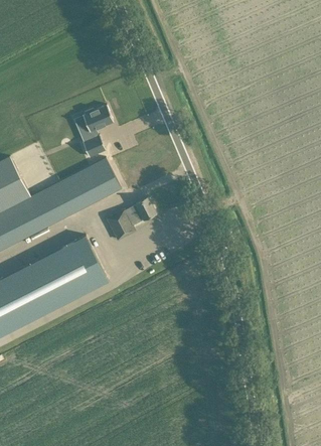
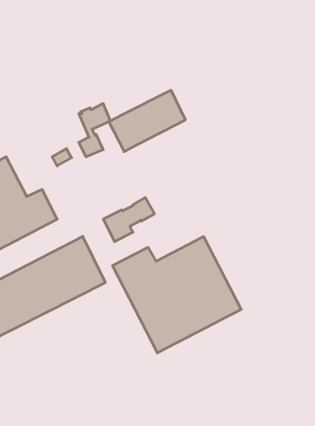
building: [45,159,121,219] -> [109,90,185,152]
building: none -> [113,237,241,353]

